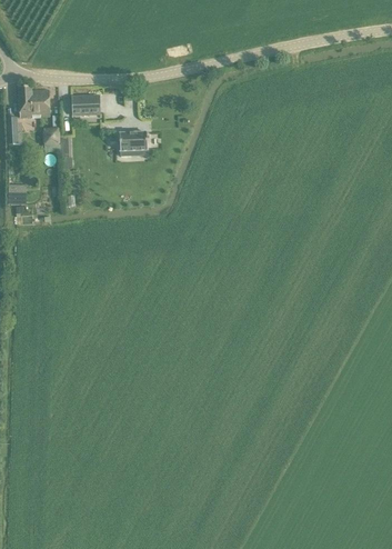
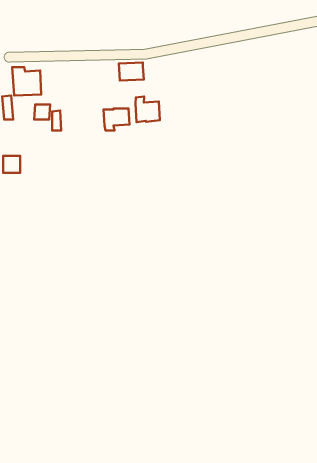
building: [71,94,99,114] -> [119,62,144,80]
building: none -> [135,96,160,122]

